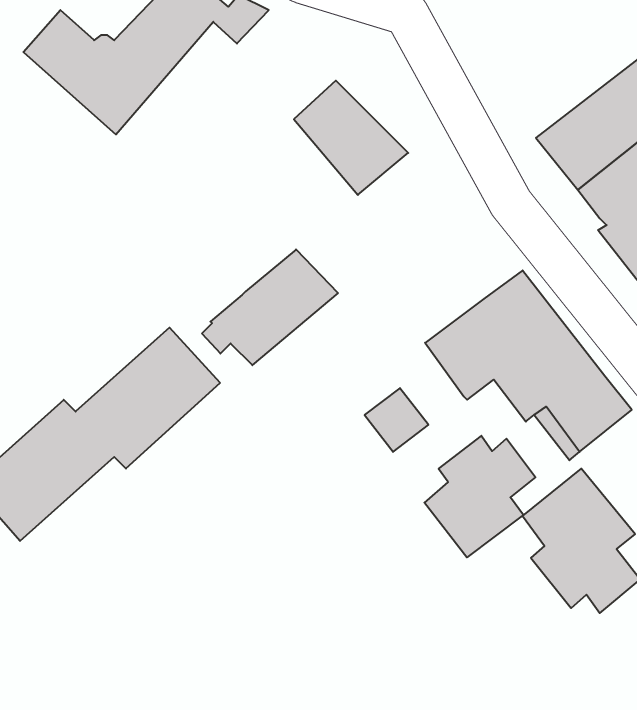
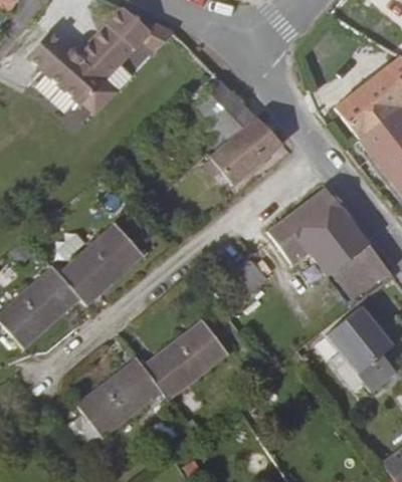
building: [202,249,338,365] -> [201,116,282,186]
building: [424,436,535,557] -> none
building: none -> [75,317,230,438]

